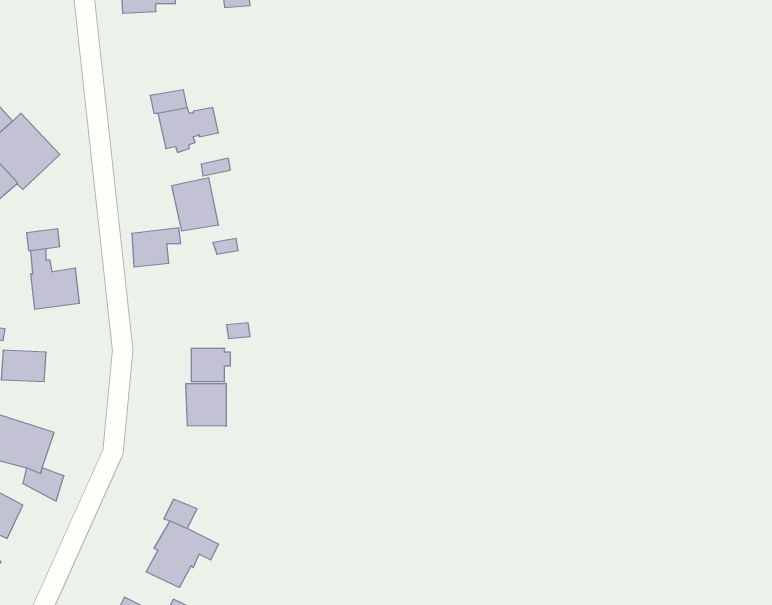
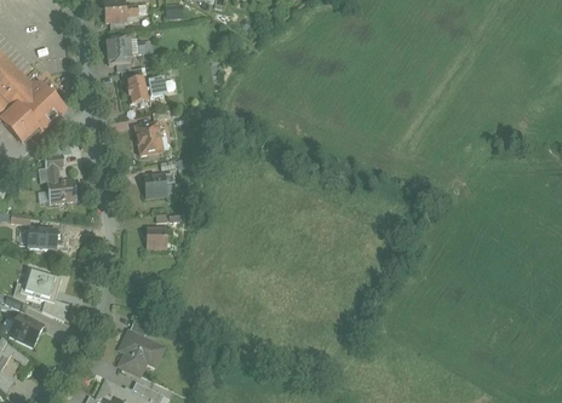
building: none -> [105,36,144,64]
building: [132,228,181,267] -> [143,173,173,197]
building: [186,383,226,426] -> none

